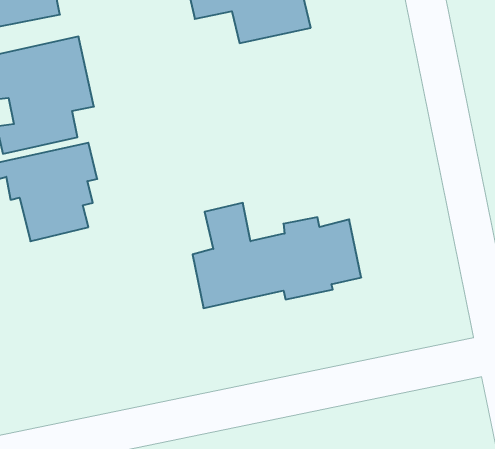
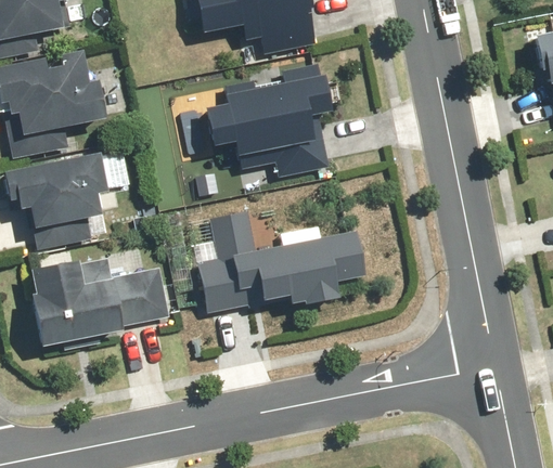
building: none -> [200,64,334,176]
building: none -> [29,248,173,344]

